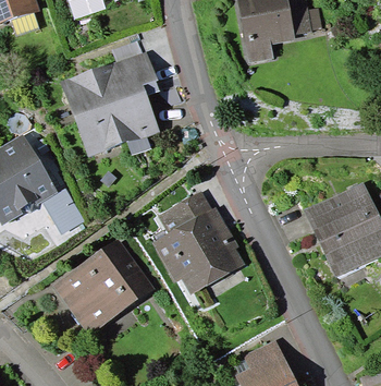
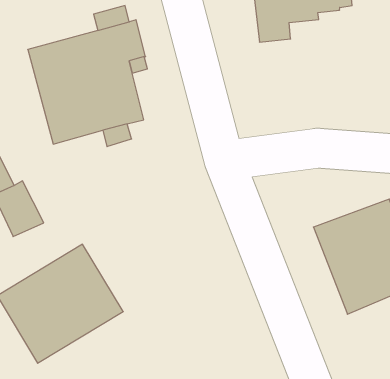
building: [150,191,245,294] -> none

